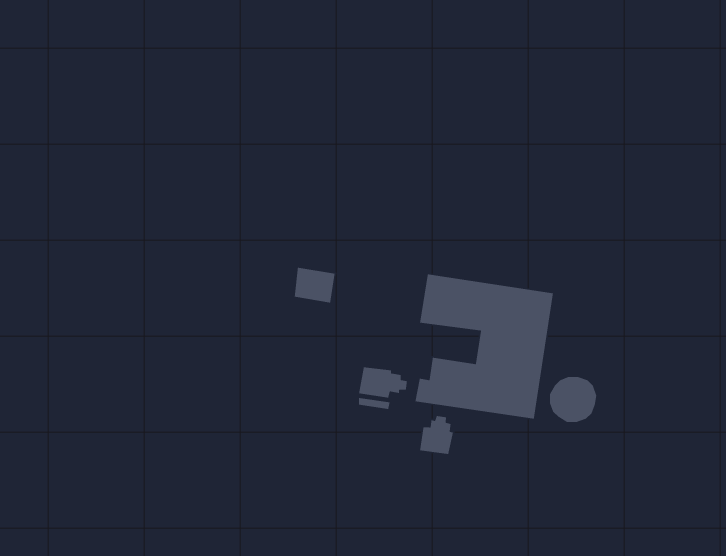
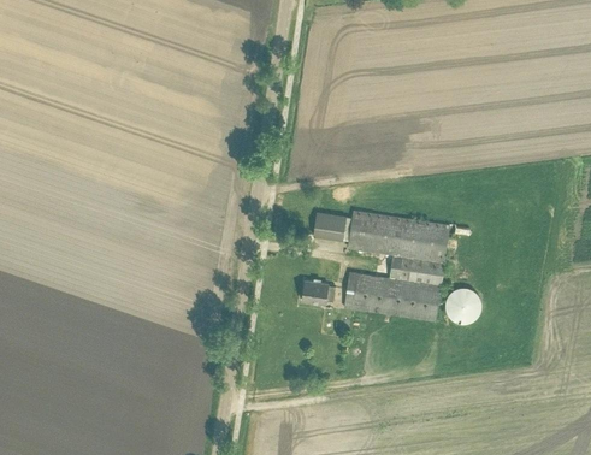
building: [294,267,336,304] -> [313,212,344,240]
building: [419,415,454,455] -> none

